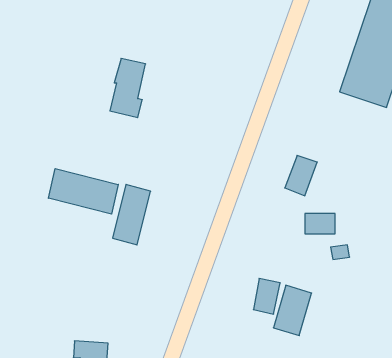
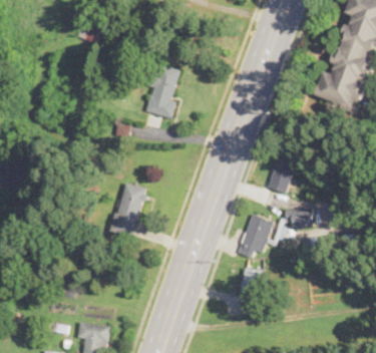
building: [110,58,146,118] -> [145,64,177,117]
building: [48,169,118,214] -> none
building: [273,285,312,336] -> [238,213,272,258]

